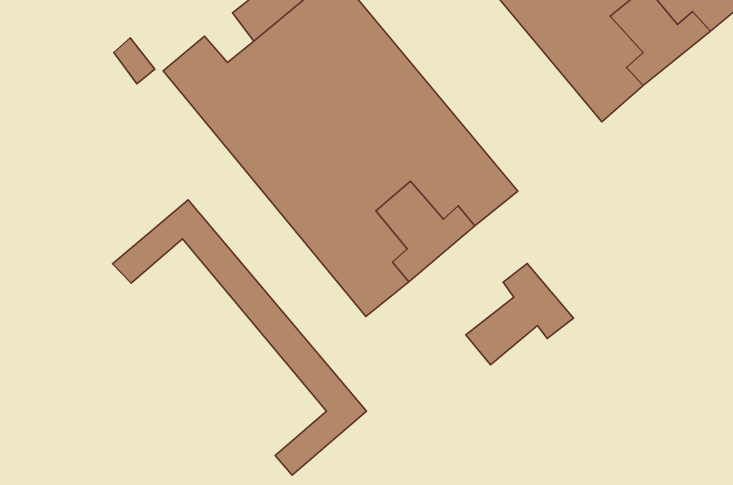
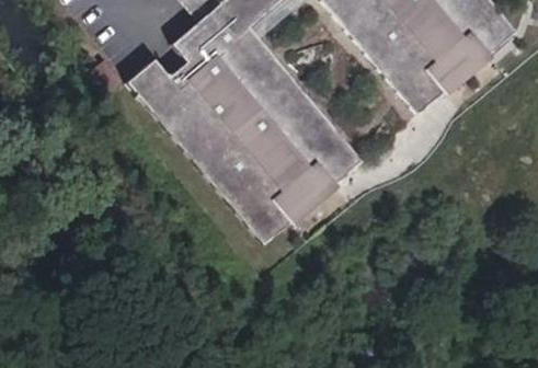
building: [112,200,366,475] -> none
building: [466,263,574,365] -> none

